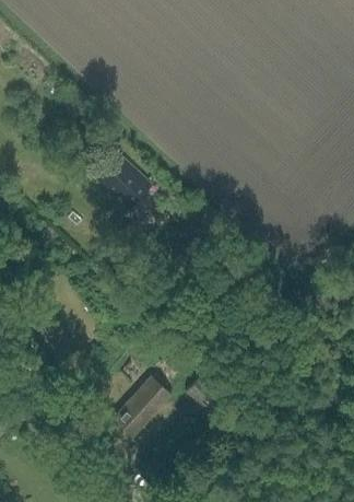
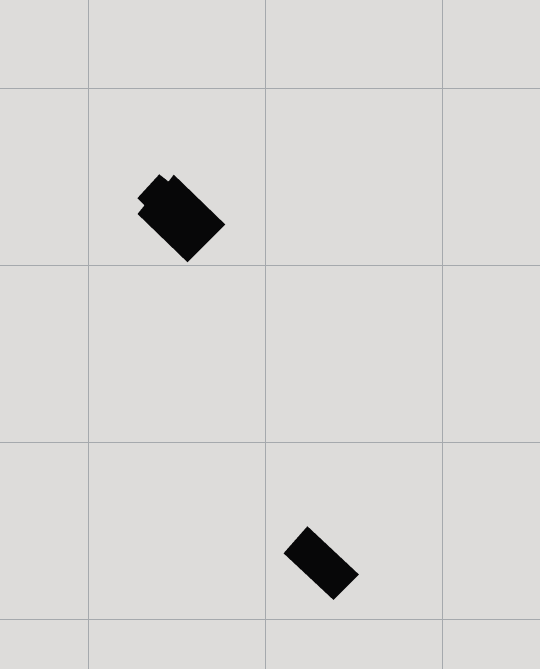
building: [113,377,170,436] -> none

